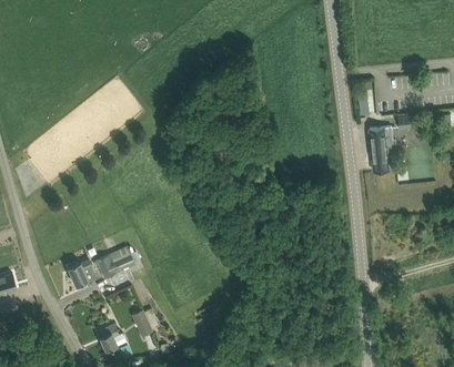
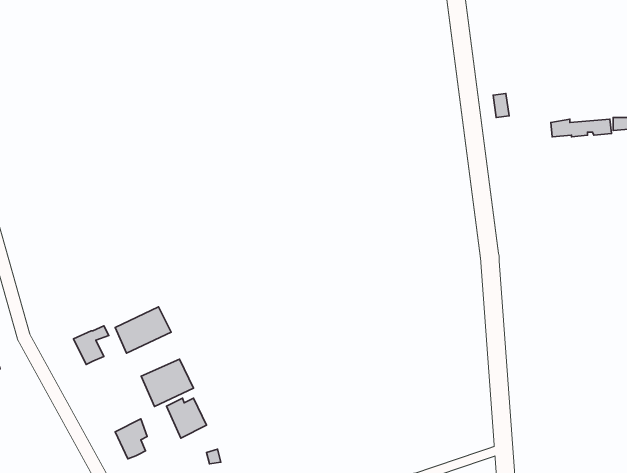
building: [370,125,396,171] -> none
building: none -> [141,359,194,406]

